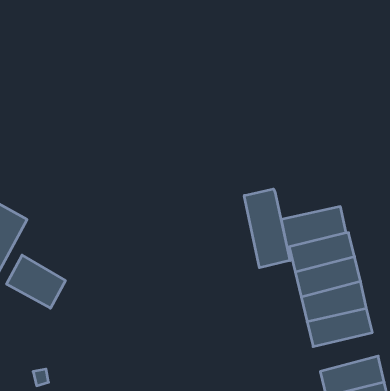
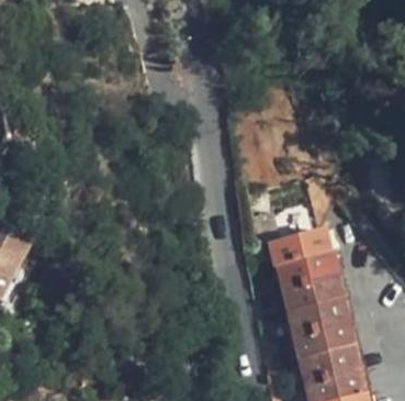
building: [244,189,290,268] -> none
building: [7,255,65,308] -> none
building: none -> [299,345,359,381]

